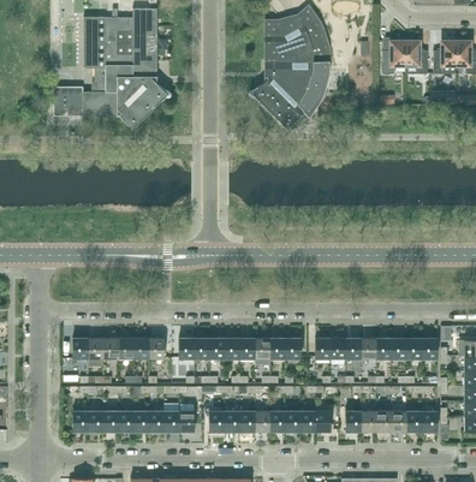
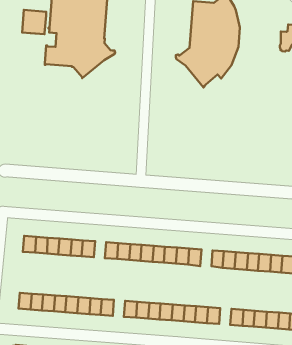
building: [54,87,83,115] -> [22,10,46,34]

